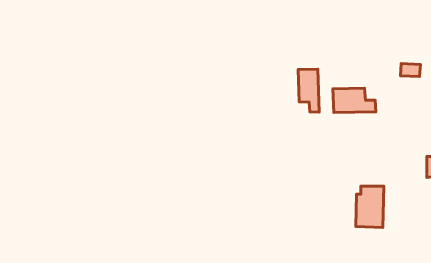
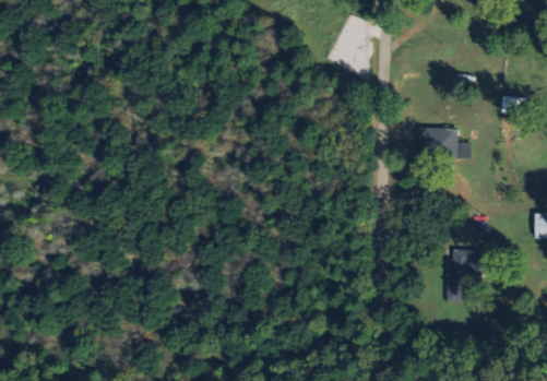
building: [298,69,319,112] -> none

